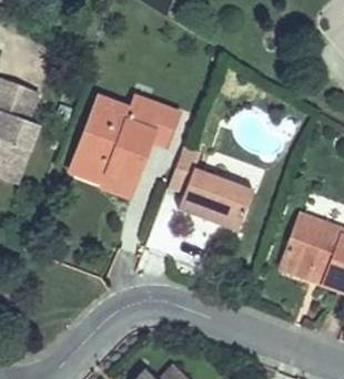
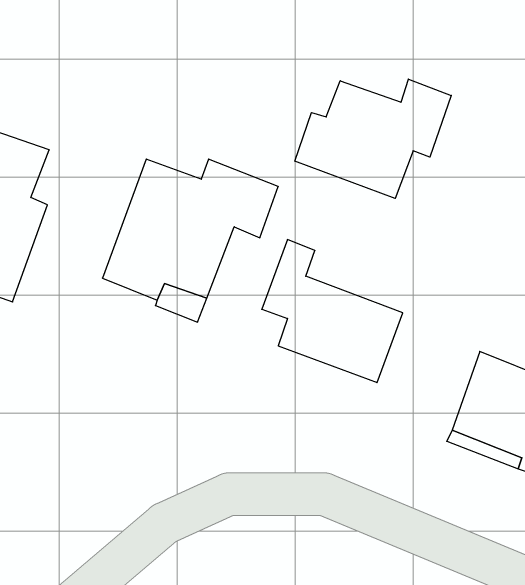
building: none -> [295,79,451,198]

